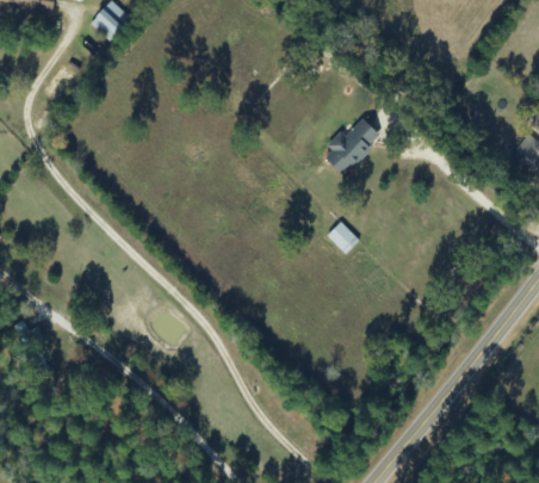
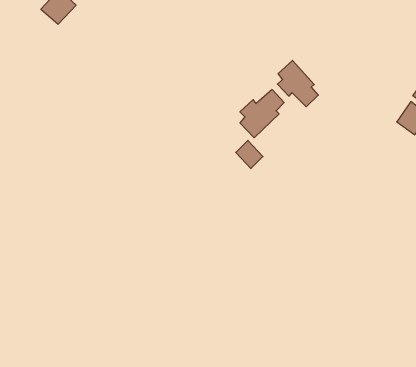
building: none -> [277,60,318,107]
building: [327,221,359,254] -> [236,140,263,169]

